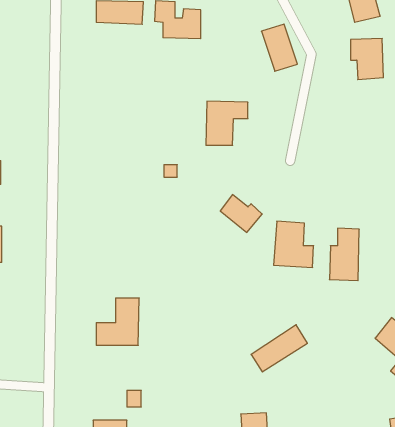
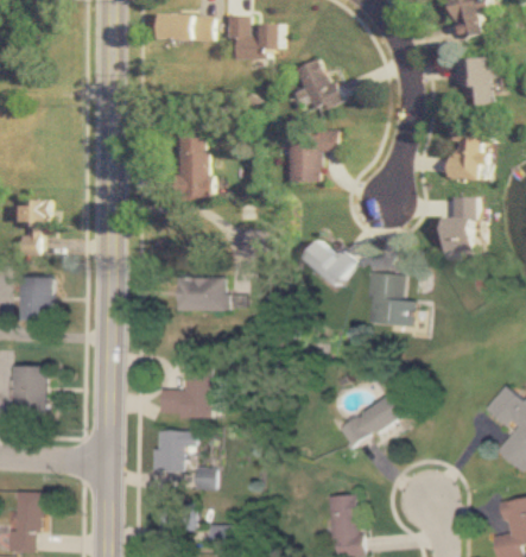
building: [261,24,297,71] -> [297,61,338,115]
building: none -> [448,127,479,181]
building: none -> [179,131,209,200]
building: none -> [176,277,226,310]
building: [329,228,359,281] -> [441,198,475,259]
building: none -> [156,431,196,470]

